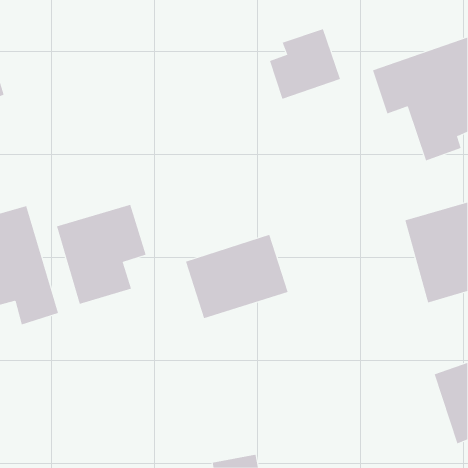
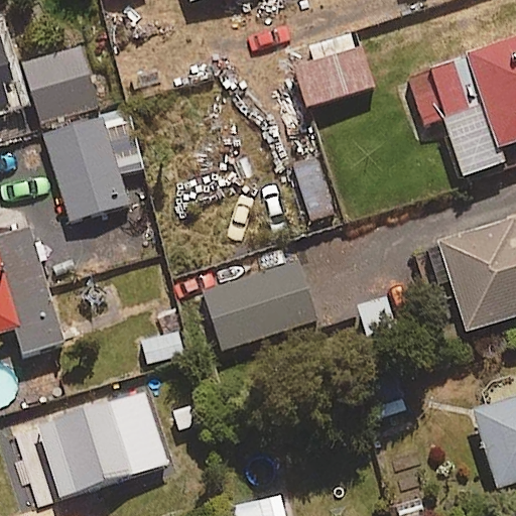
building: none -> [25,45,95,123]
building: [56,204,147,305] -> [44,111,143,221]
building: none -> [34,394,161,492]

